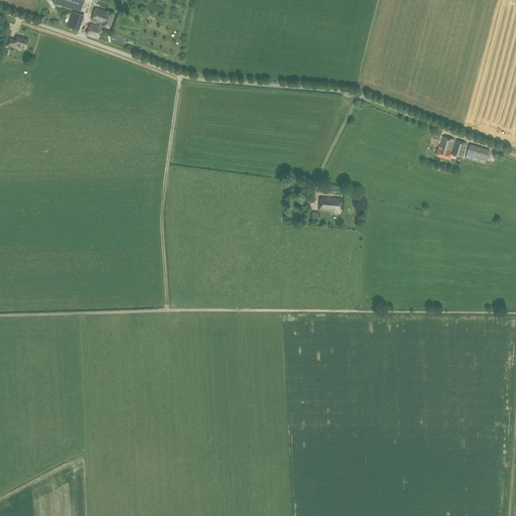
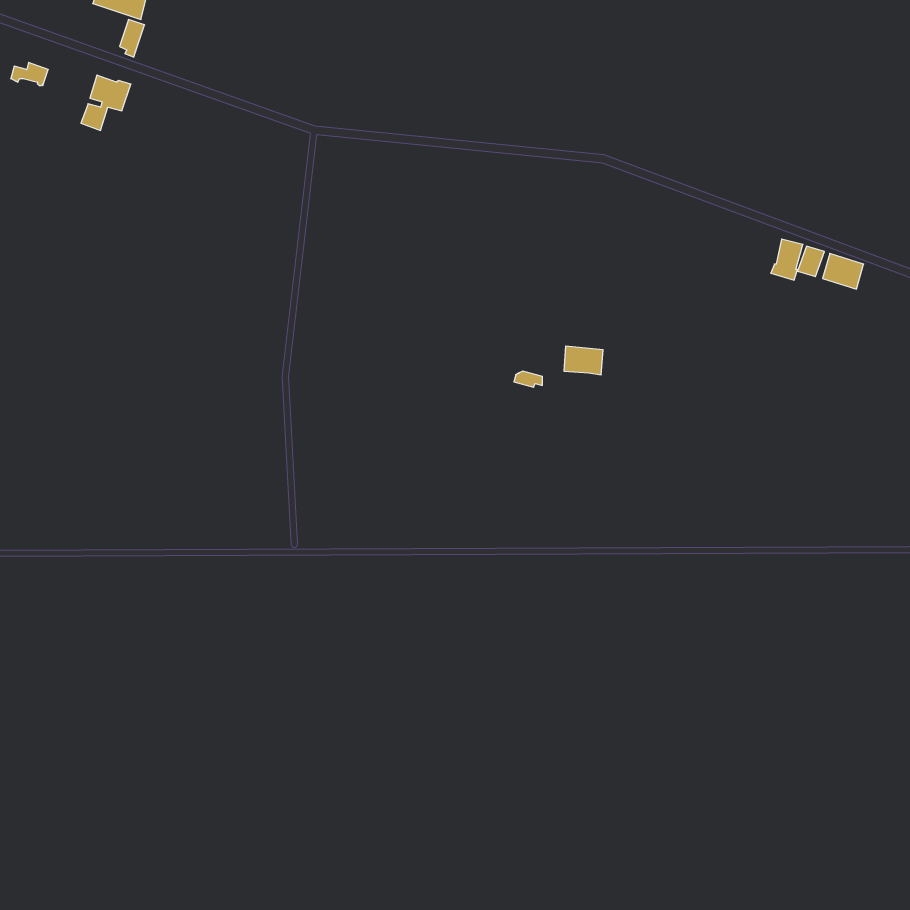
building: [86,7,114,38] -> [81,75,131,130]

